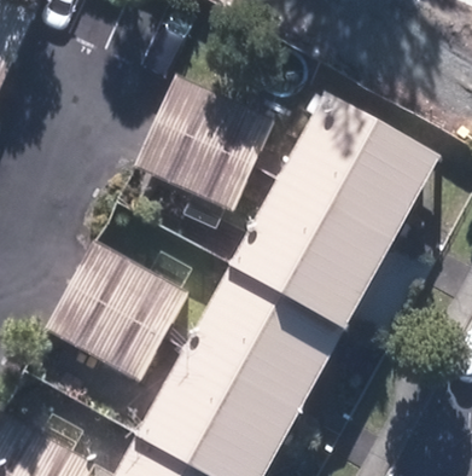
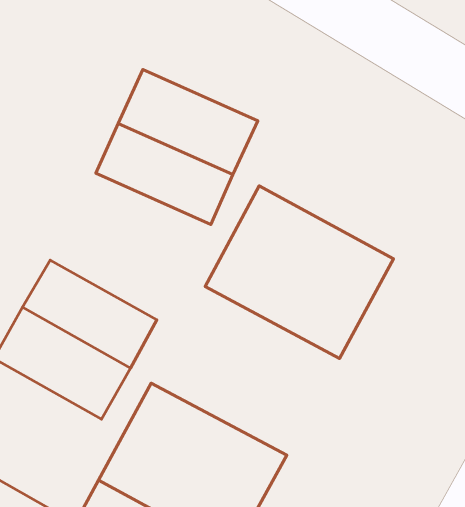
building: [275,92,439,240] -> none
building: [181,265,345,412] -> none

